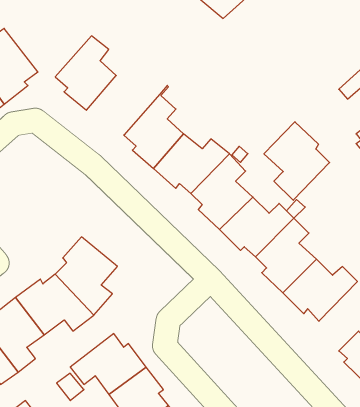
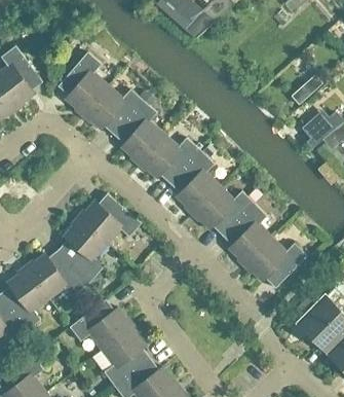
building: none -> [83,84,144,134]
building: [264,122,330,200] -> none
building: none -> [79,192,142,243]

